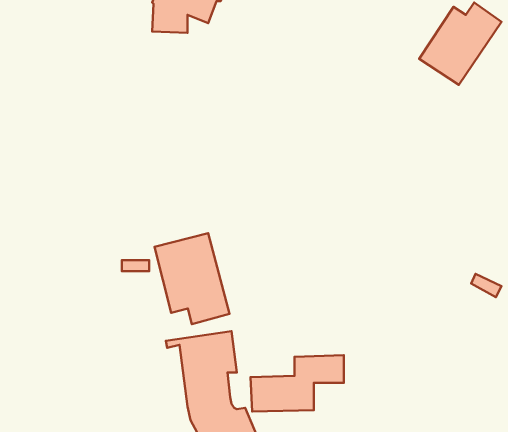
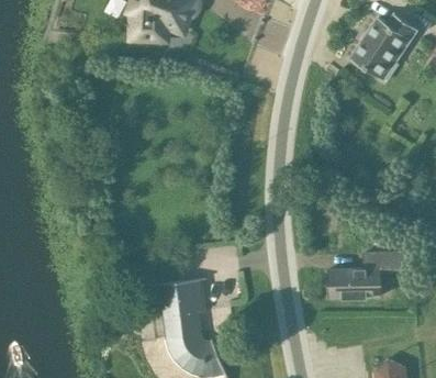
building: [155,233,229,324] -> none
building: [251,355,344,411] -> [328,252,403,297]

